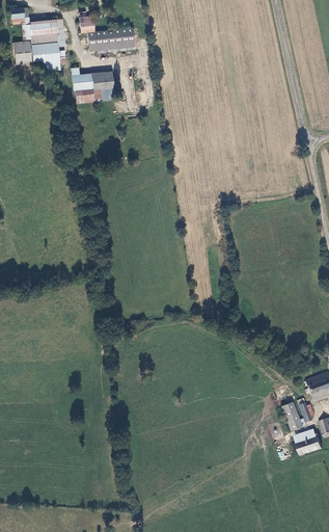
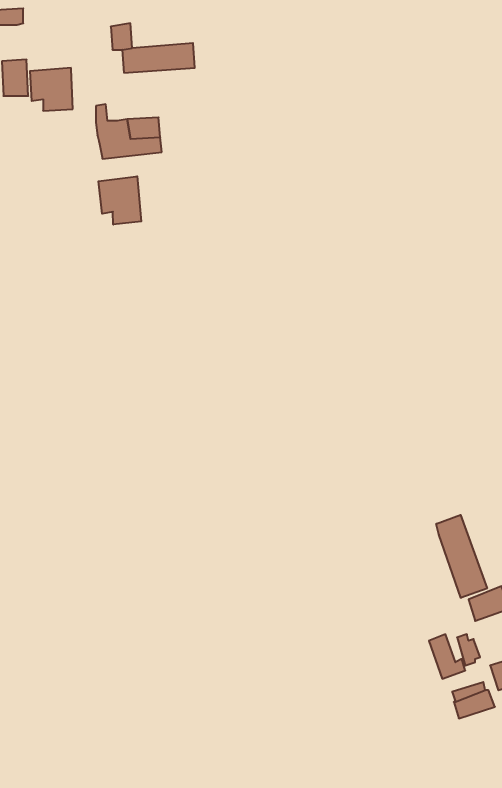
building: [22,22,56,43] -> none
building: none -> [98,176,141,225]
building: none -> [436,515,487,598]

